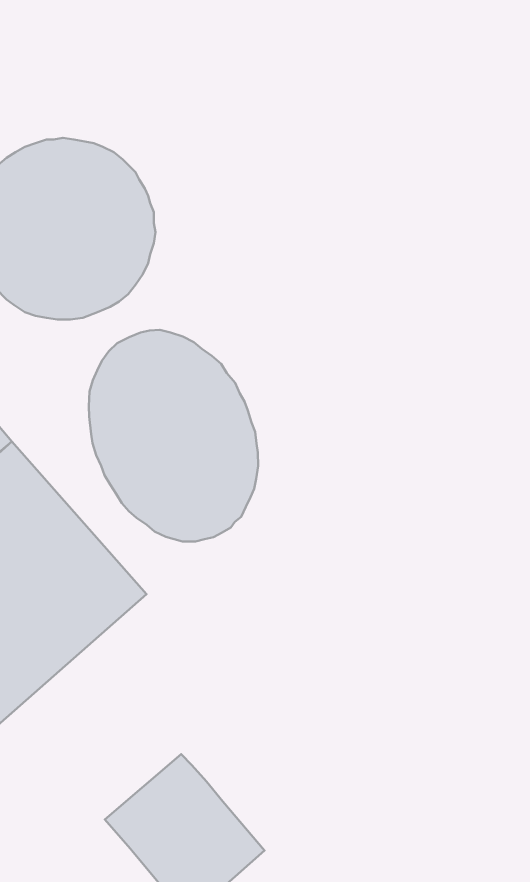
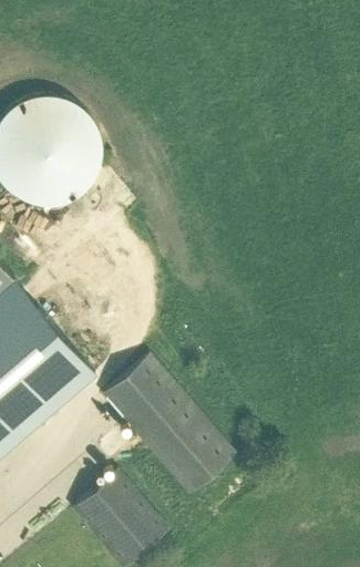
building: [89,330,258,542] -> none
building: none -> [100,354,236,497]

